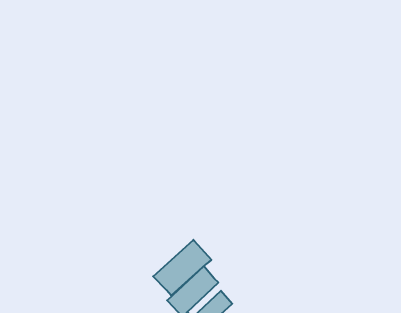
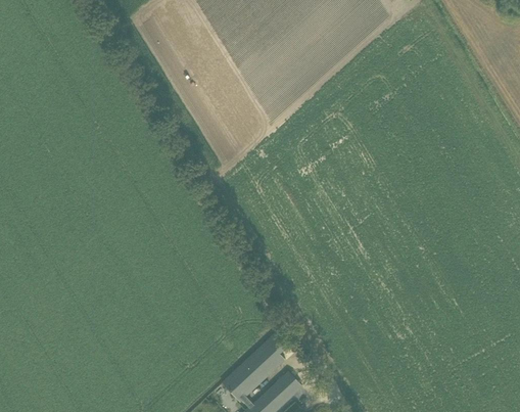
building: [153,240,211,296] -> none

